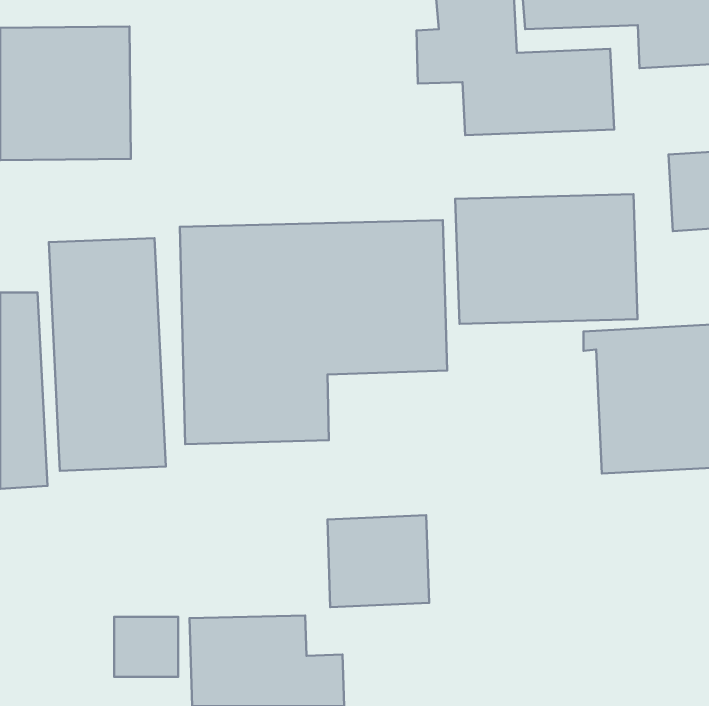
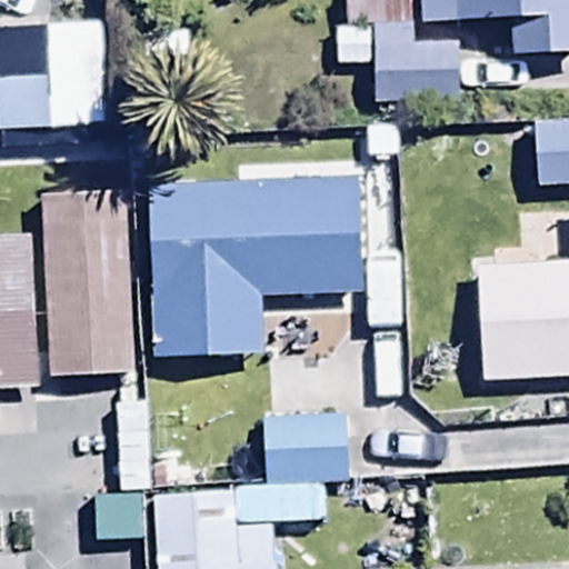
building: [455,194,637,324] -> none

